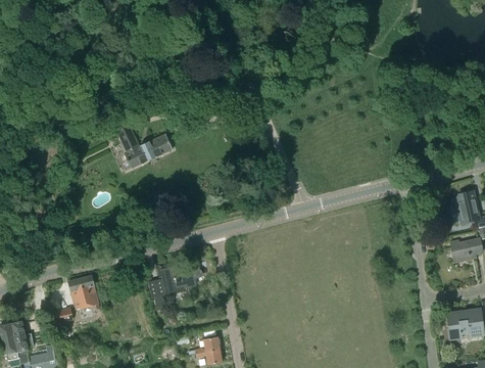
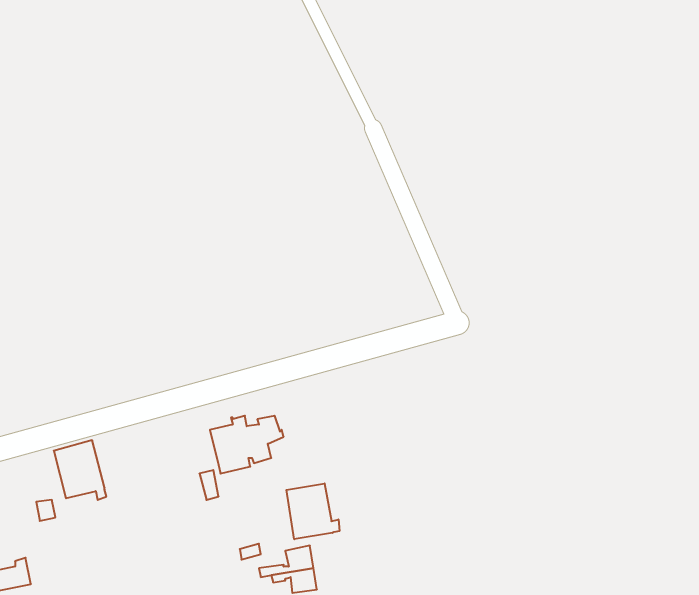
building: [114,122,173,168] -> none
building: none -> [286,483,339,539]

